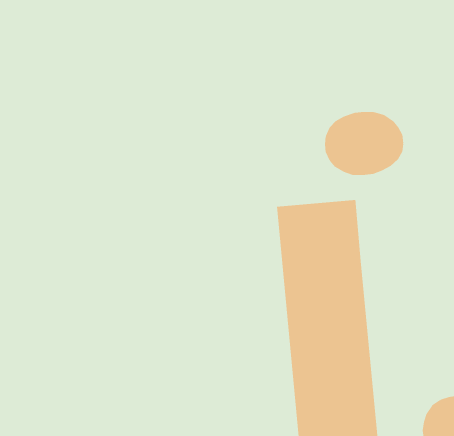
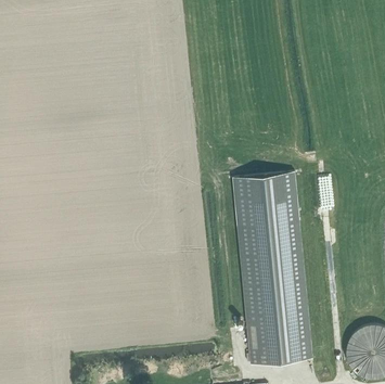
building: [324,111,404,176] -> none

